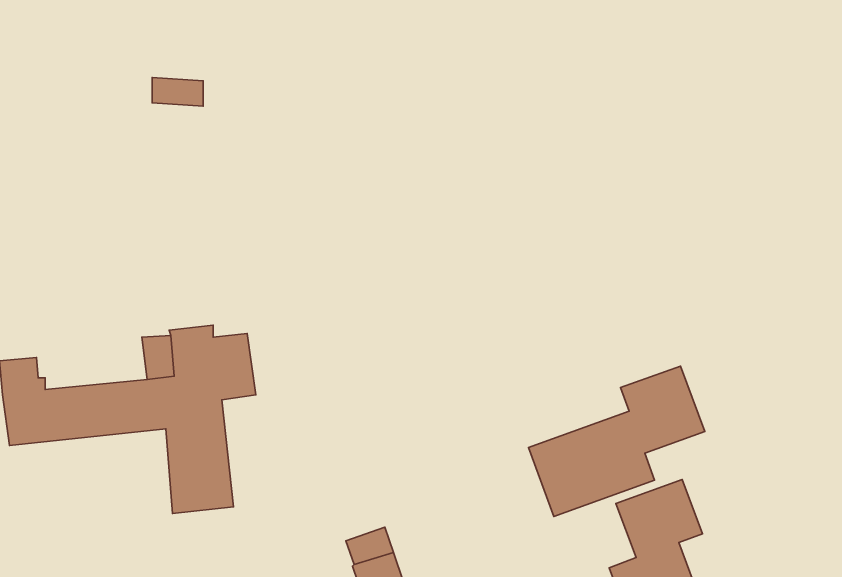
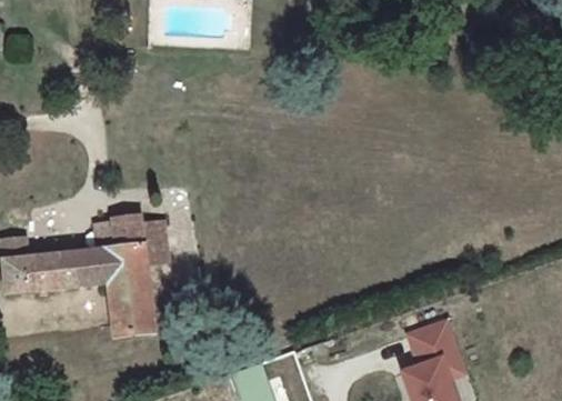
building: [528,366,705,517] -> none

